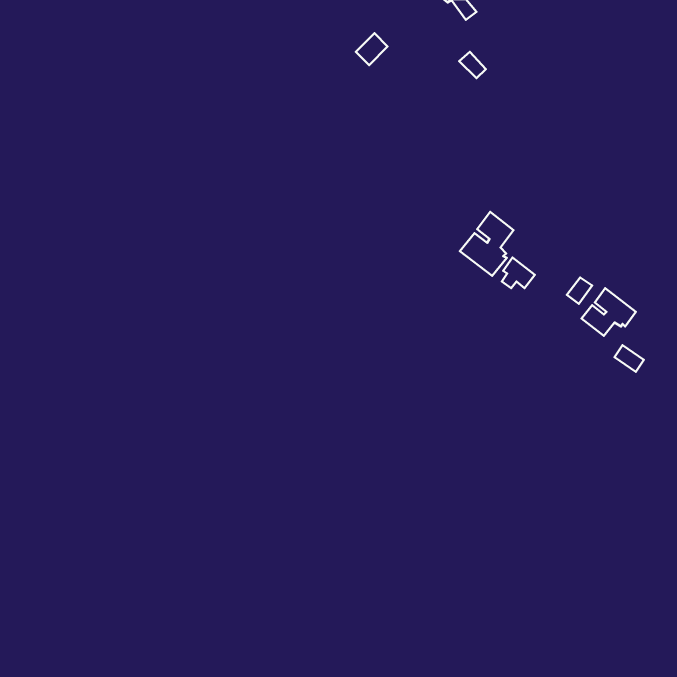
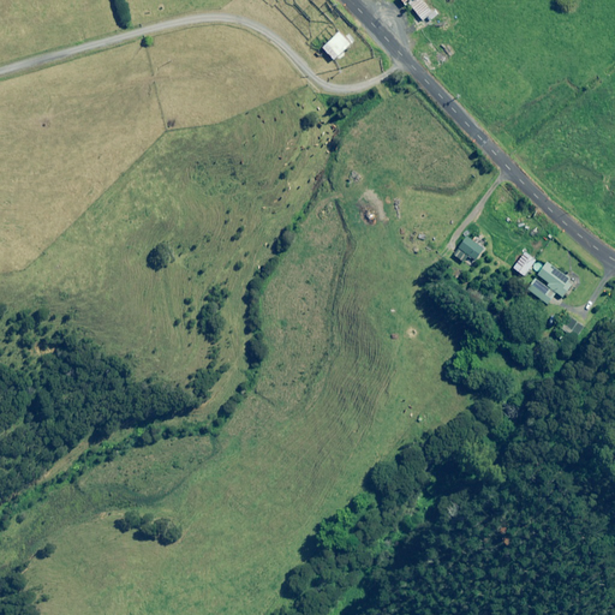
building: [460,212,514,276] -> none

